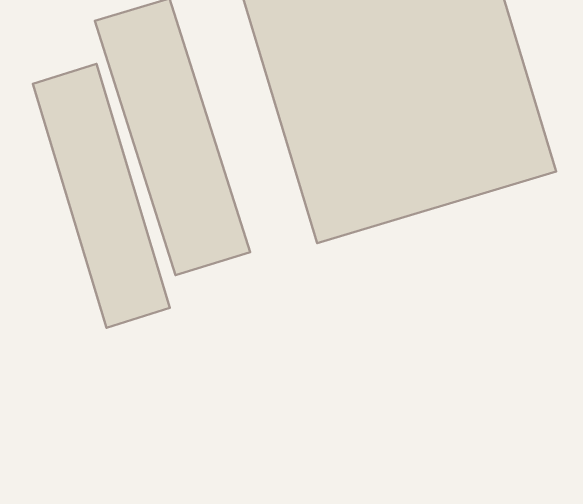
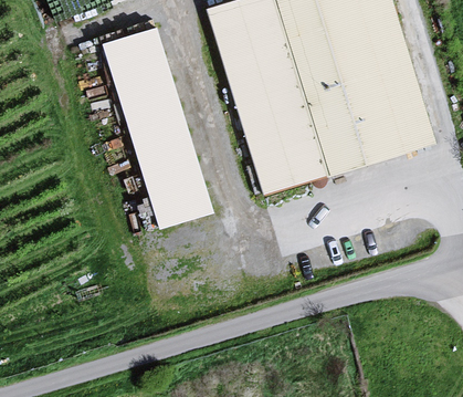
building: [33,64,170,328] -> none

